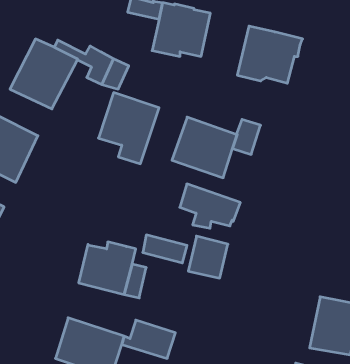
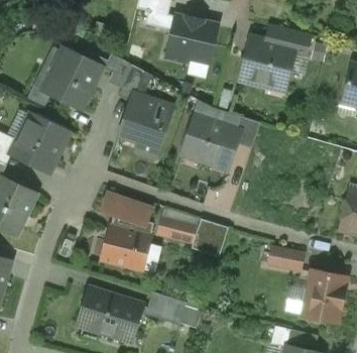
building: none -> [271,26,311,55]
building: [180,184,240,228] -> [100,191,152,229]
building: none -> [268,246,302,269]

